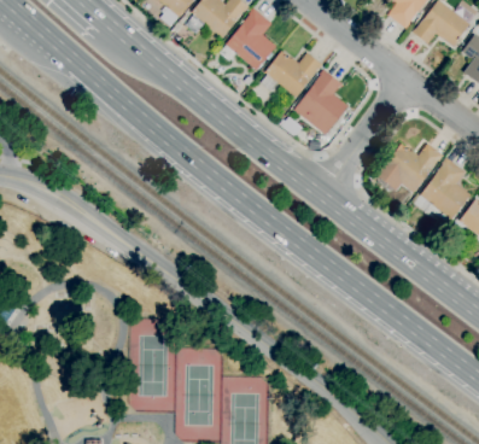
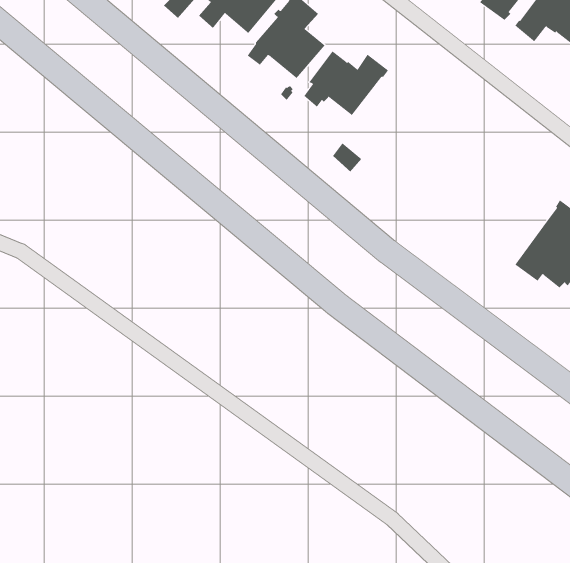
building: [293,69,347,134] -> none
building: [376,141,443,193] -> none

